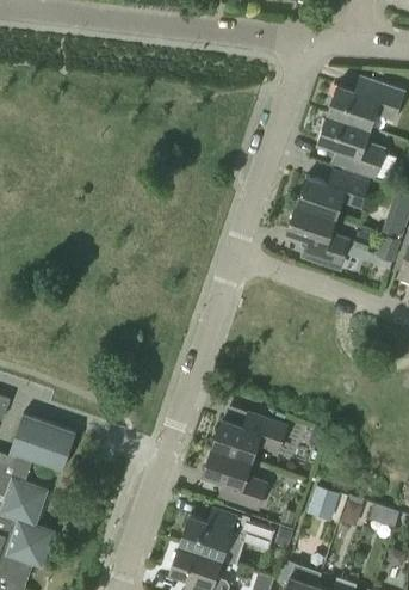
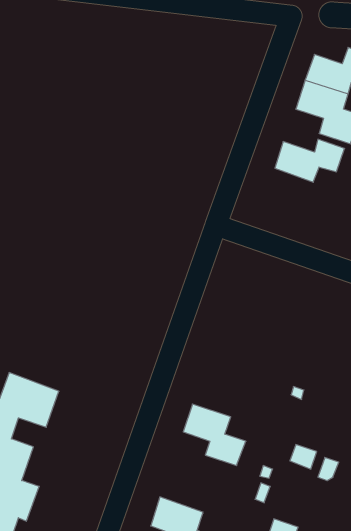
building: [287,203,349,270] -> none
building: [212,416,286,459] -> none
building: [179,512,277,564] -> none

